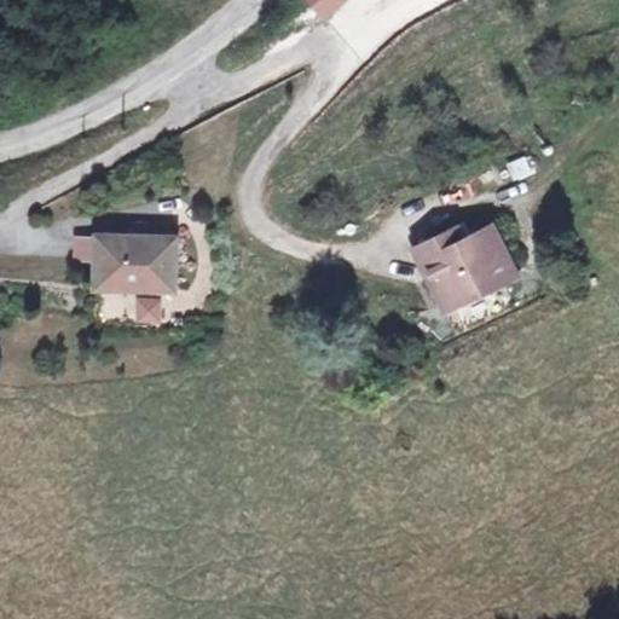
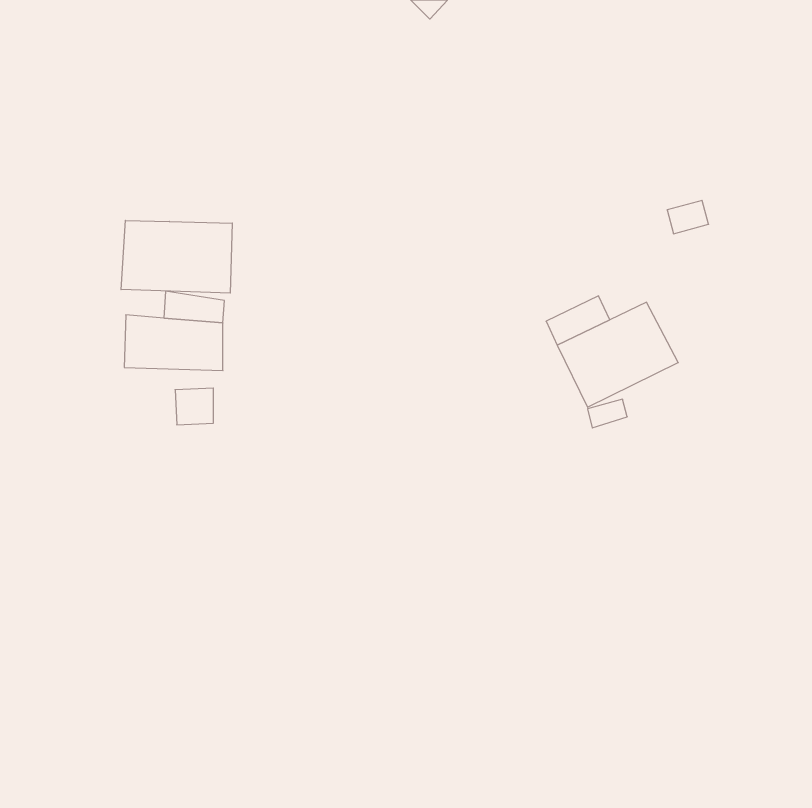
building: none -> [121,220,232,293]

